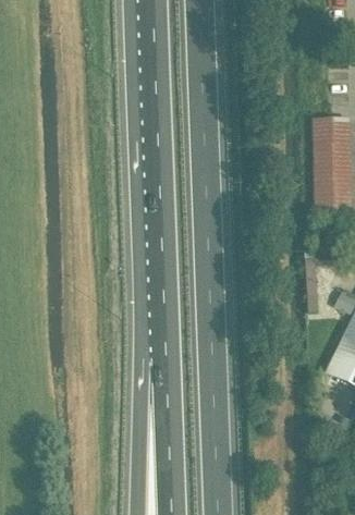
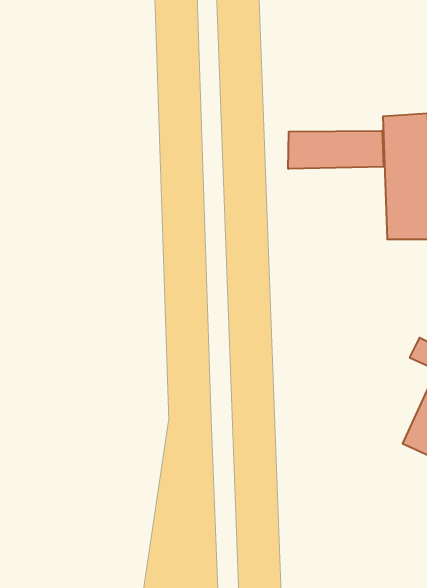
building: none -> [288,131,384,169]

